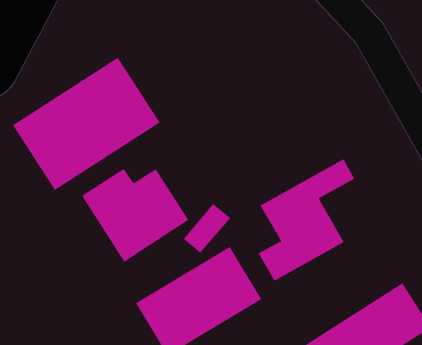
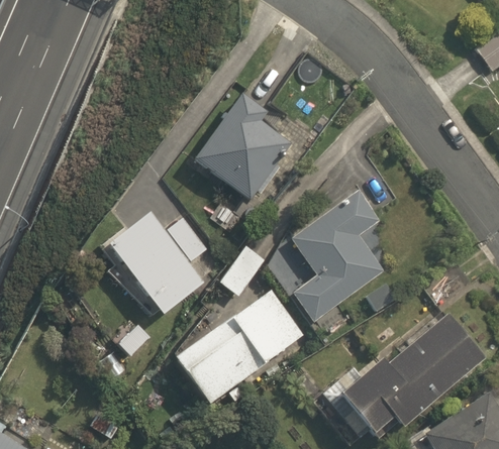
building: [12,57,160,191] -> none
building: none -> [191,97,299,208]

